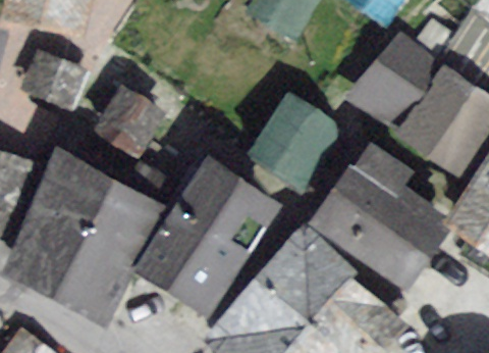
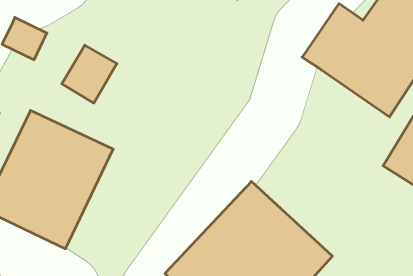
building: [252,96,332,183] -> none
building: [313,144,444,284] -> none
building: [142,163,272,308] -> none

